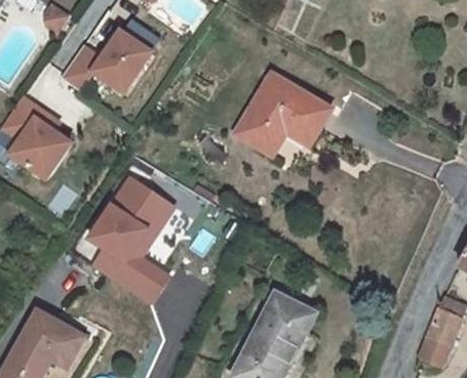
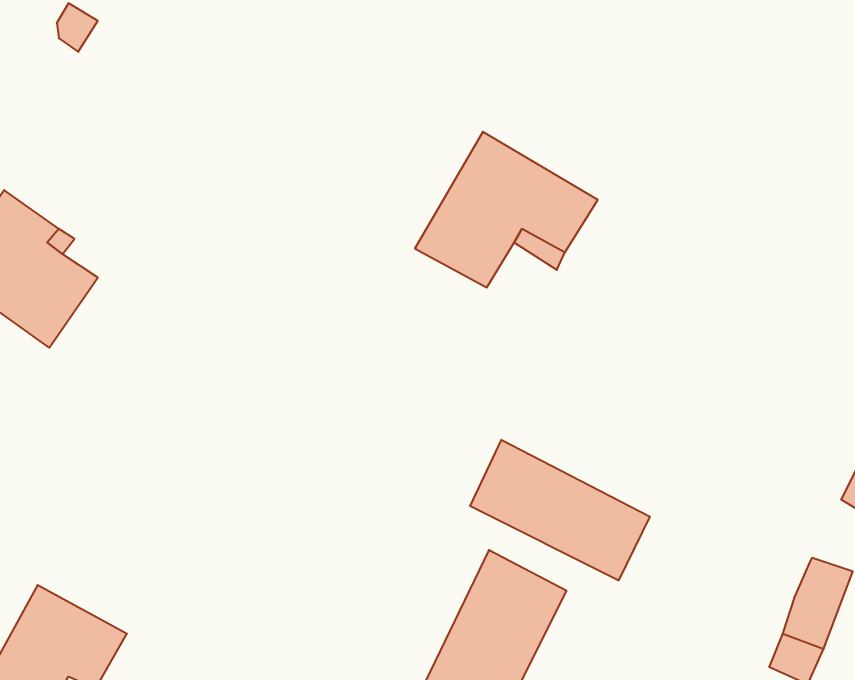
building: [61,31,152,91] -> none
building: [87,174,170,302] -> none
building: none -> [470,440,650,580]

